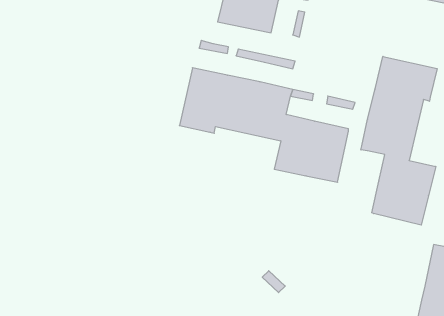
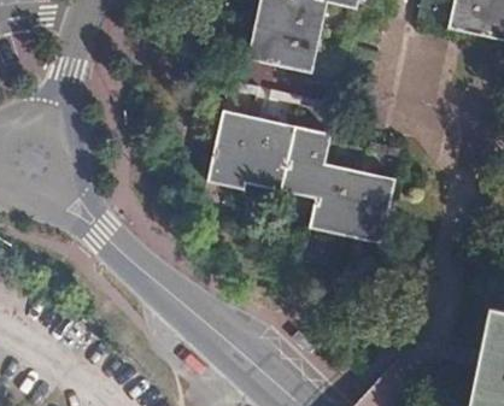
building: [361,56,437,225] -> none

